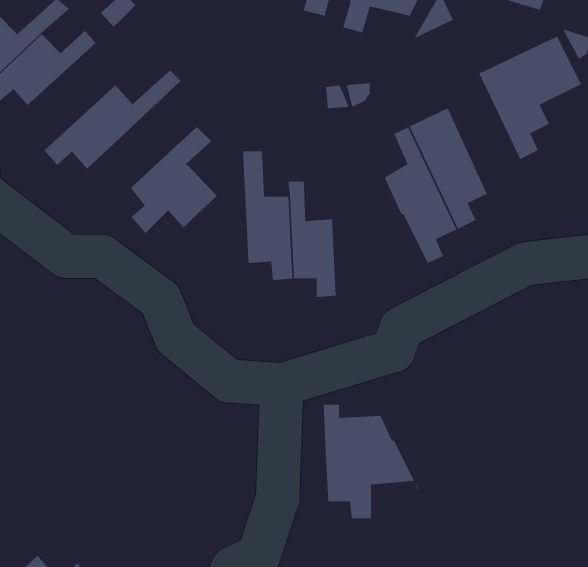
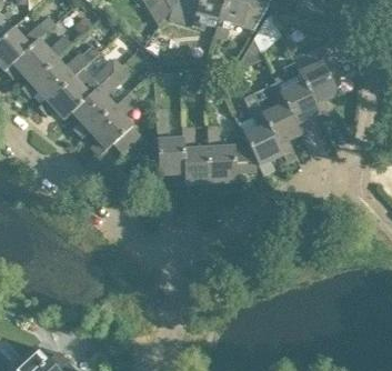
building: none -> [21,47,98,108]
building: none -> [273,62,319,133]
building: none -> [64,67,129,138]
building: [323,404,419,521] -> [208,124,264,193]

